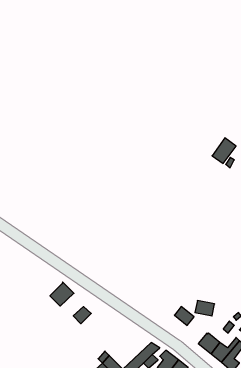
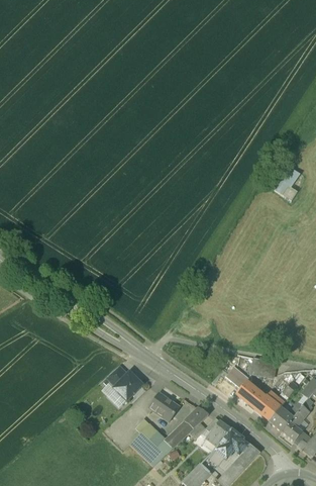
building: [50,282,74,306] -> [114,372,142,400]
building: none -> [237,382,265,409]
building: none -> [148,392,180,421]

